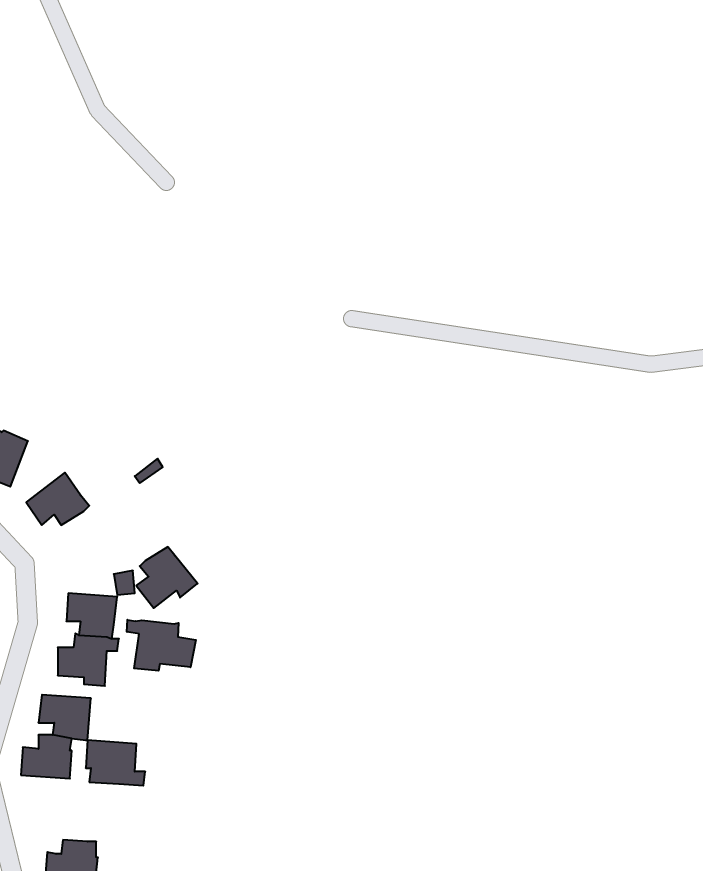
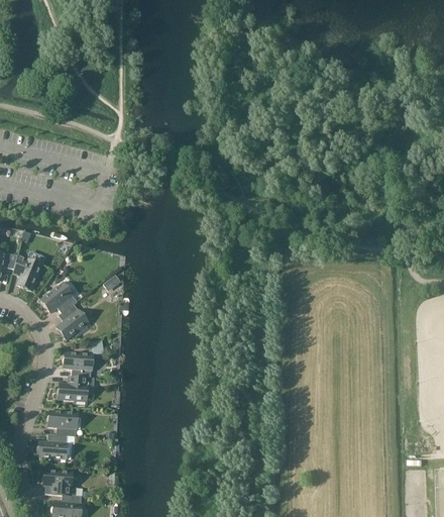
building: [136,547,198,608] -> [55,304,91,339]
building: [127,620,196,671] -> none
building: [86,740,145,786] -> [42,469,77,495]

